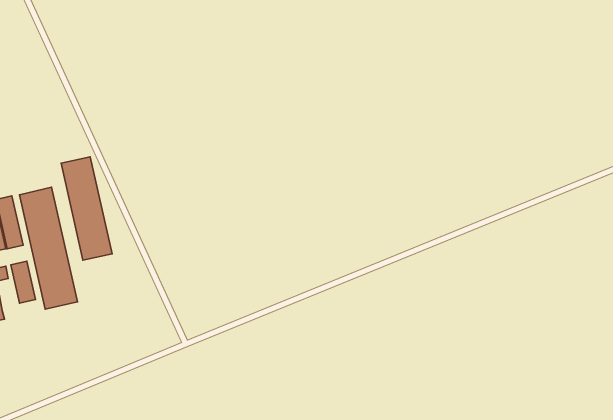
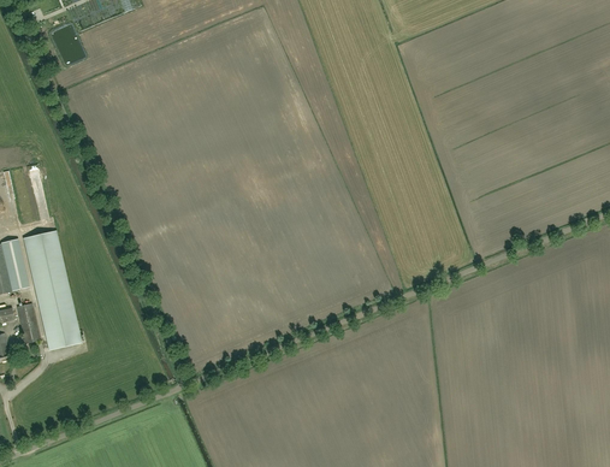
building: [61,157,112,260] -> none

